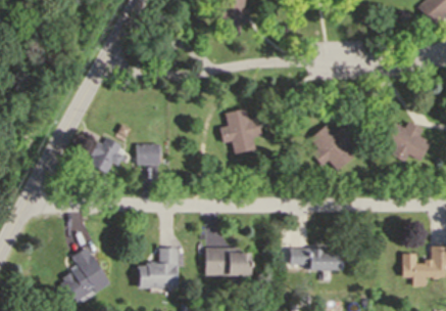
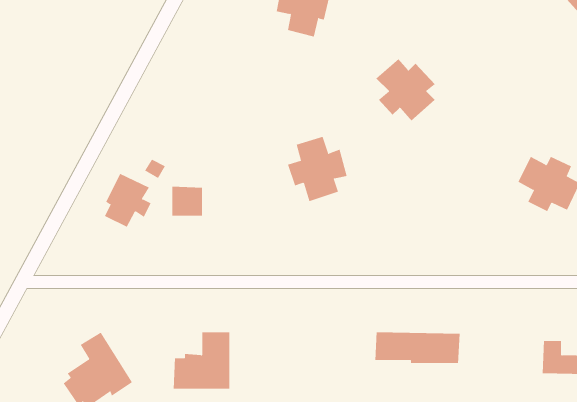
building: [310,125,353,170] -> [375,58,436,121]
building: [206,248,251,276] -> none

